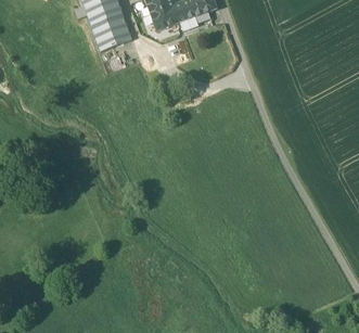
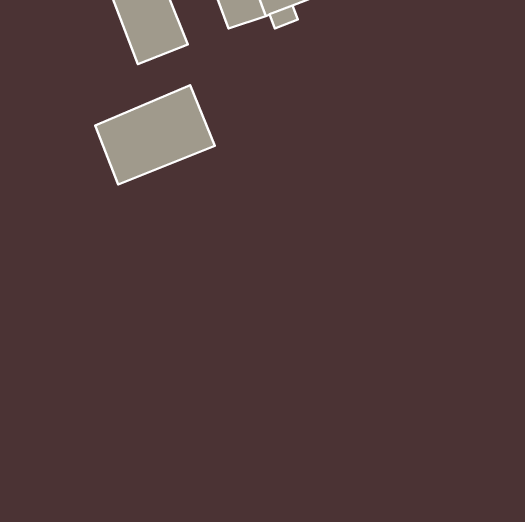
building: none -> [95,85,215,184]

